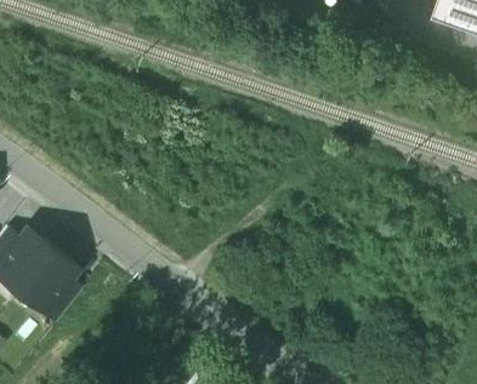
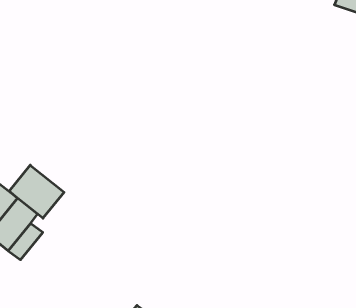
building: none -> [9,165,64,218]

